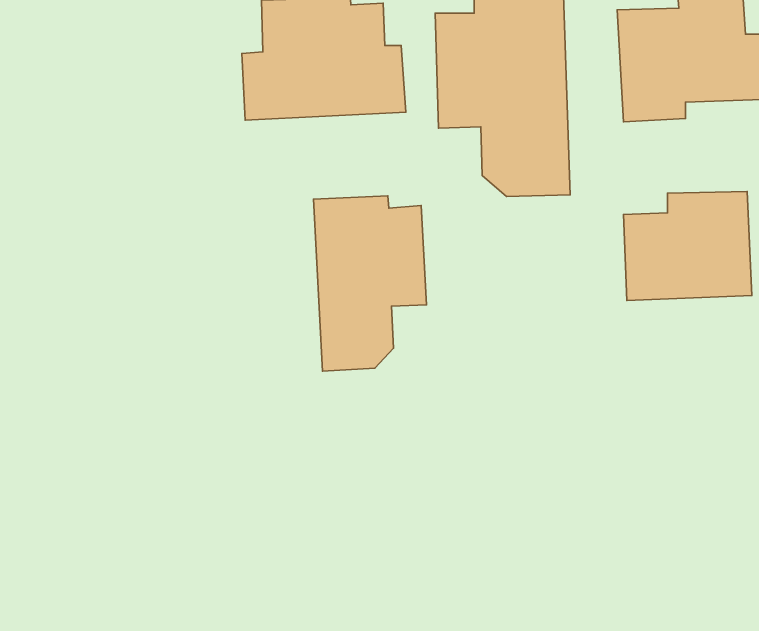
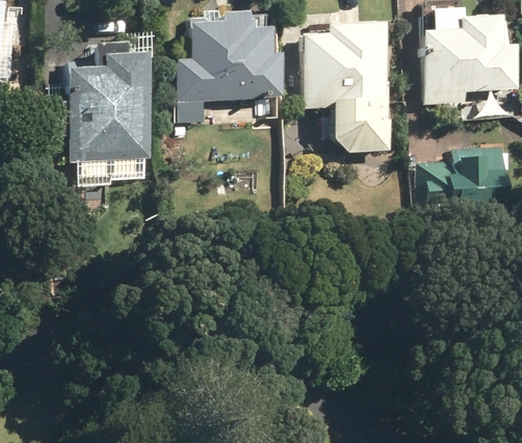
building: none -> [69,52,155,161]
building: [314,196,427,371] -> none

